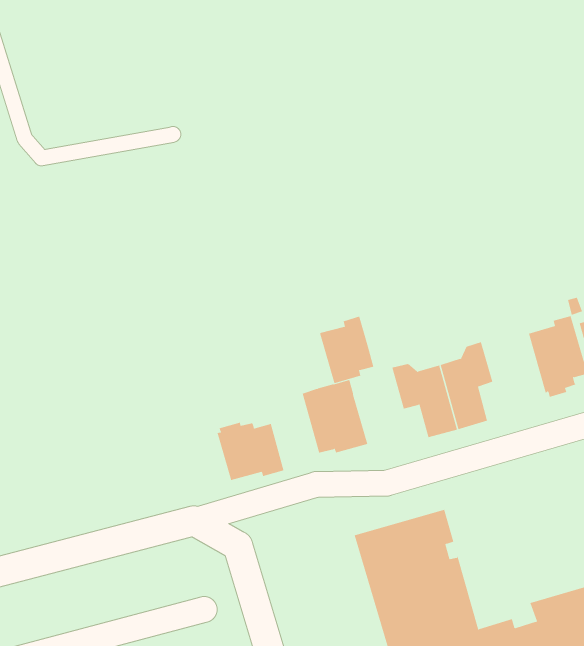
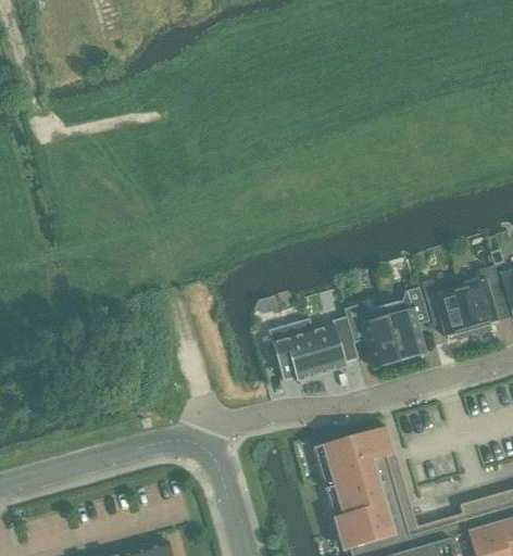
building: [319,316,374,384] -> [313,317,359,374]
building: none -> [422,280,473,340]
building: [217,422,284,481] -> none

